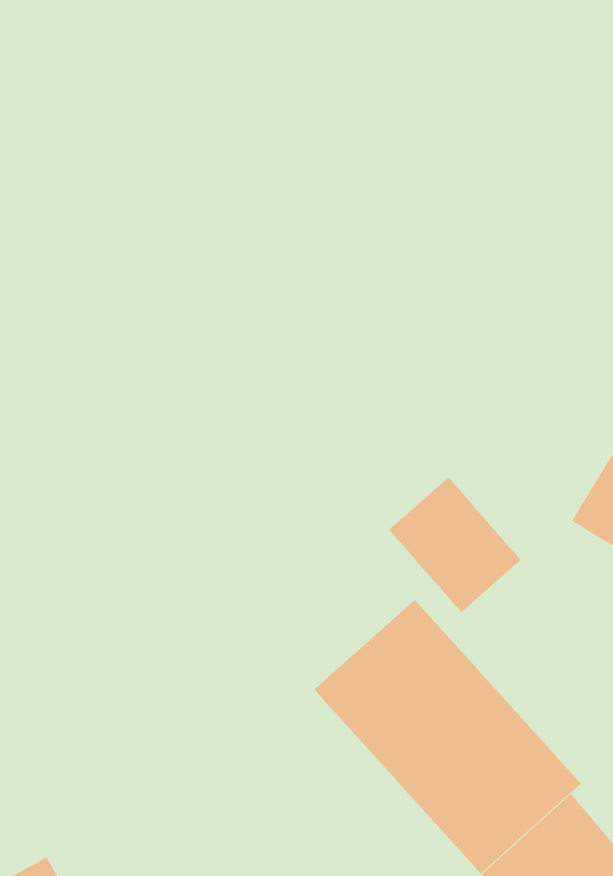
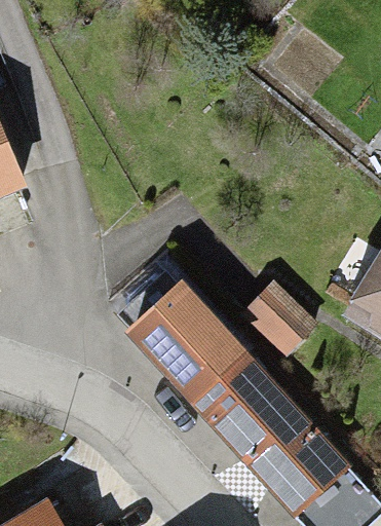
building: none -> [125,279,254,410]

